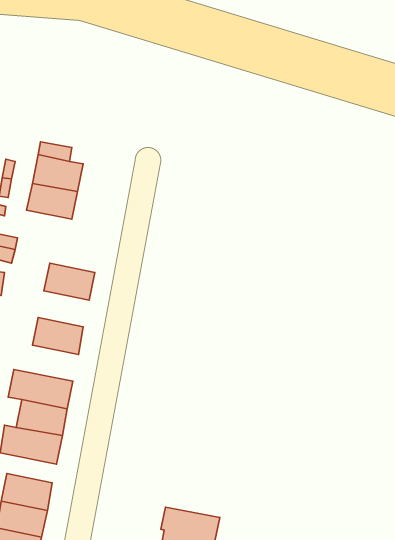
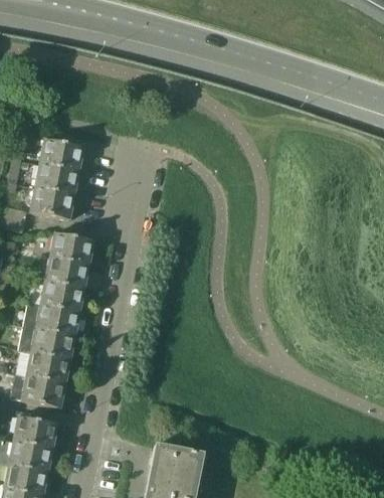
building: none -> [28,188,72,221]
building: none -> [43,259,87,290]
building: none -> [22,304,78,337]

